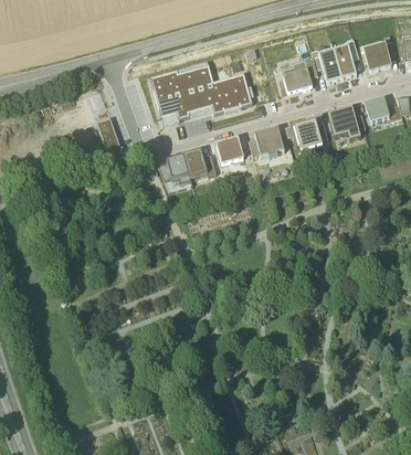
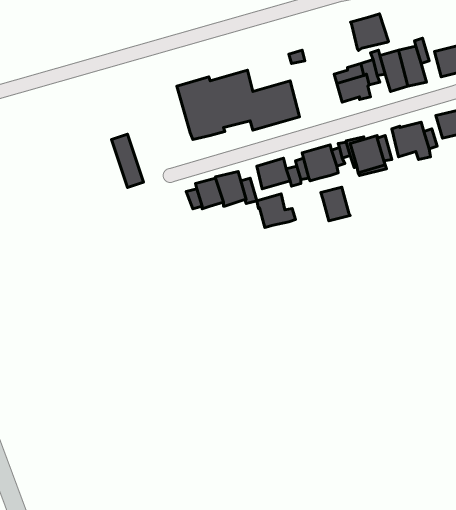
building: none -> [351,14,389,51]
building: none -> [321,187,350,221]
building: none -> [257,194,296,227]

